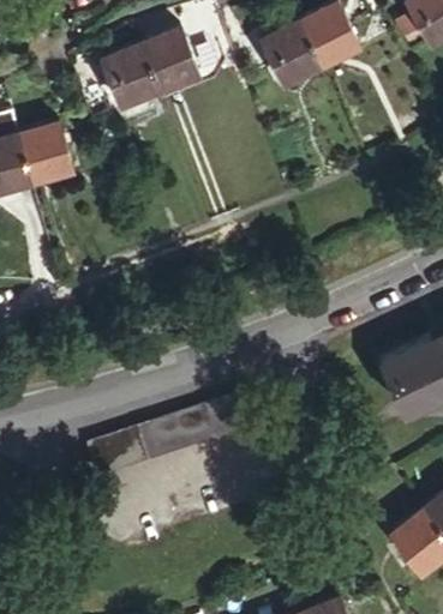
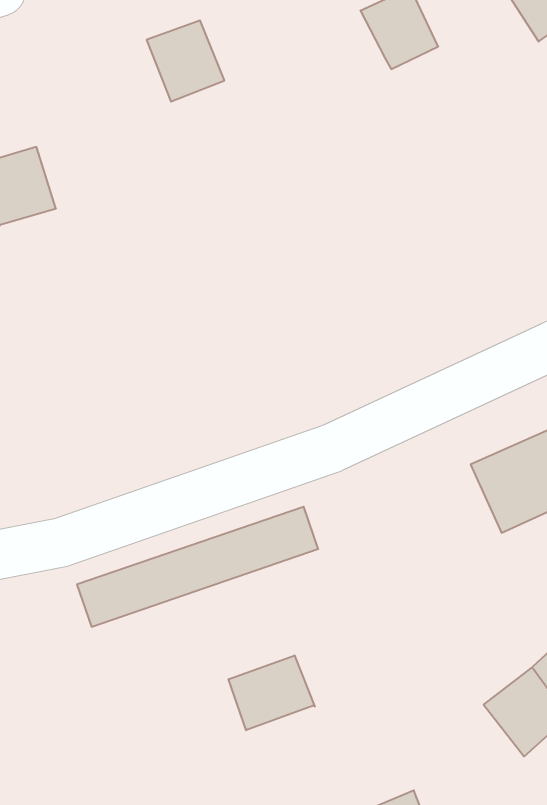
building: [259,23,321,84] -> none
building: [101,44,157,104] -> none
building: none -> [229,655,315,730]

